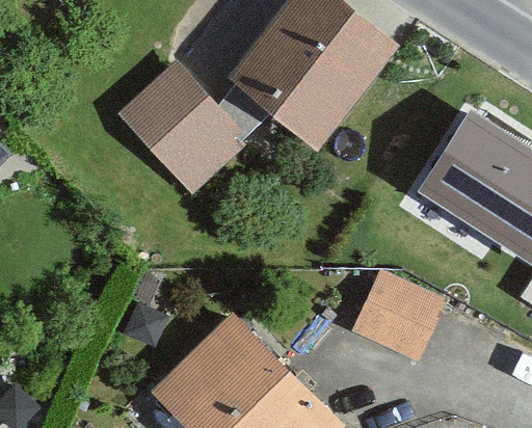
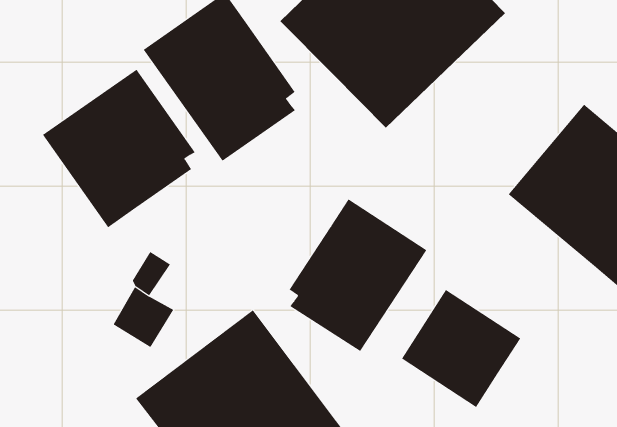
building: none -> [42,69,196,228]
building: none -> [289,198,427,352]

